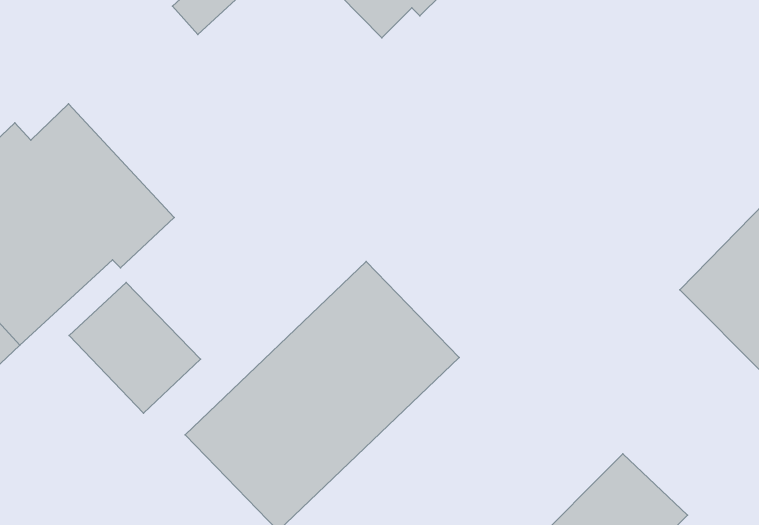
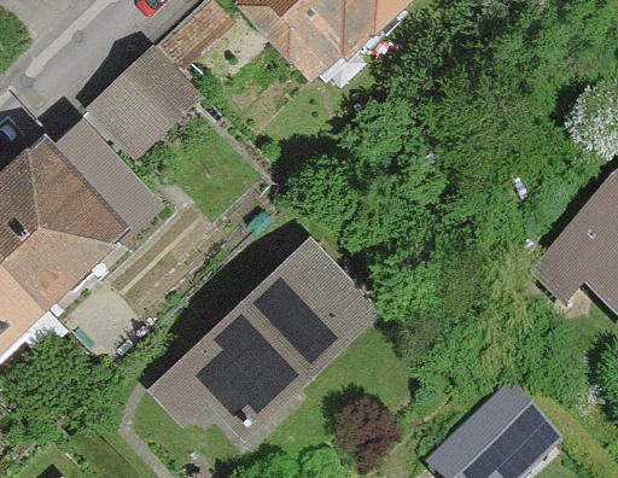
building: none -> [88,48,199,158]
building: [69,283,201,413] -> none

